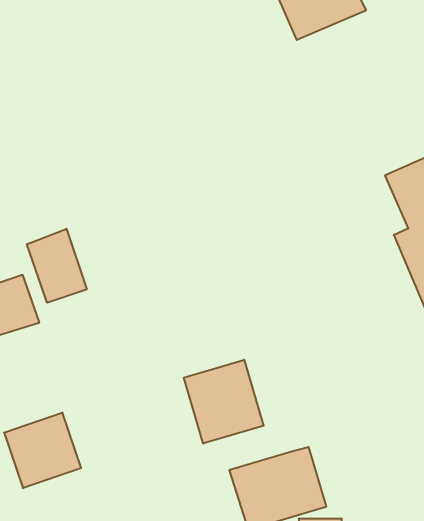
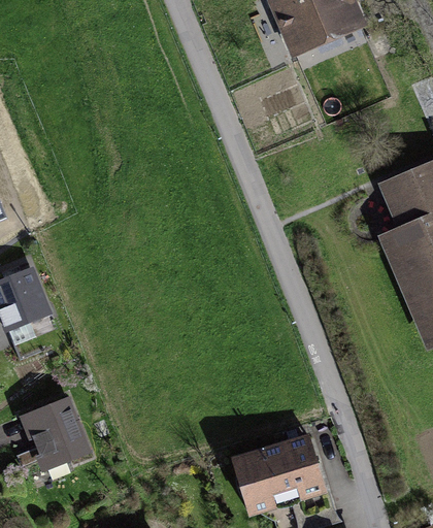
building: [27,229,87,303] -> none
building: [184,360,264,444] -> none

